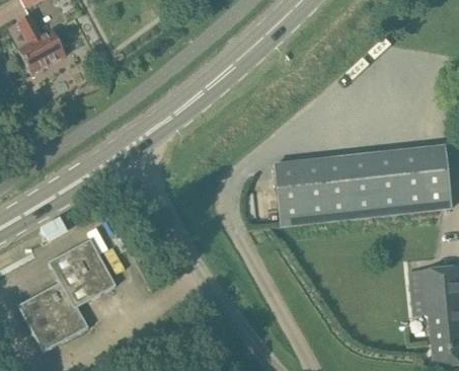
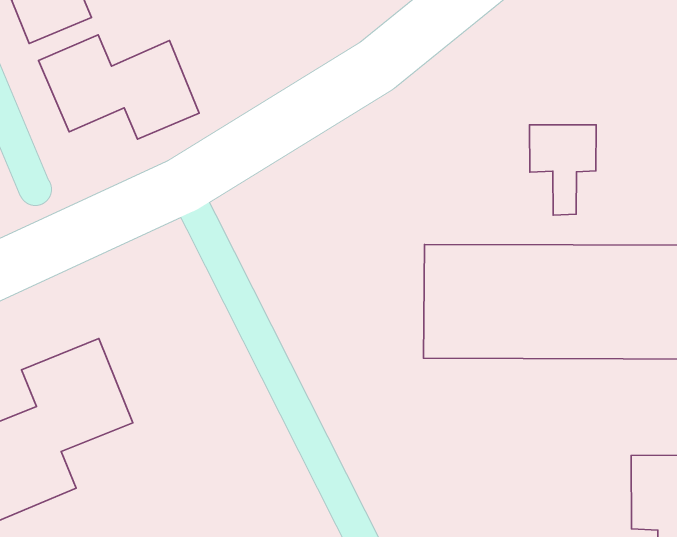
building: none -> [38,35,199,139]
building: none -> [529,125,596,215]

